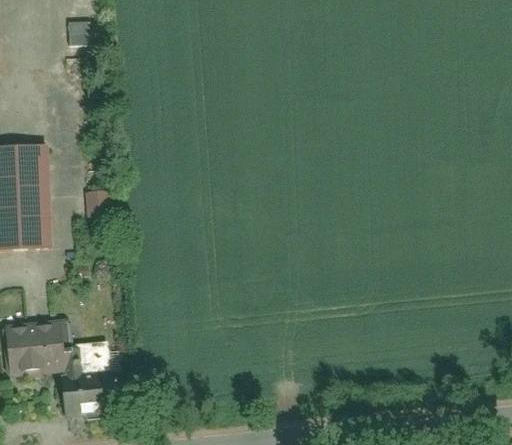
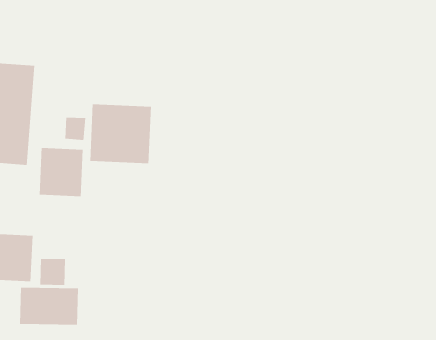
building: none -> [90,104,151,164]
building: none -> [39,147,83,197]

